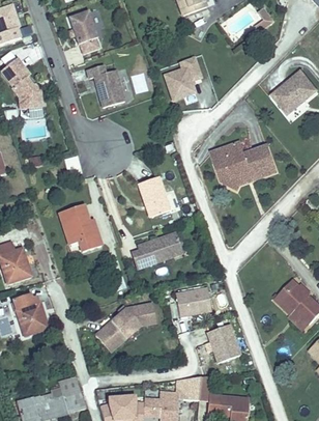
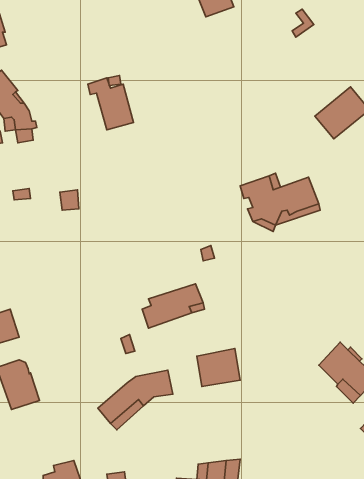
building: [68,10,99,54] -> none
building: [163,55,203,101] -> none
building: [138,176,170,217] -> none
building: [60,204,102,252] -> none
building: [206,322,242,363] -> none

